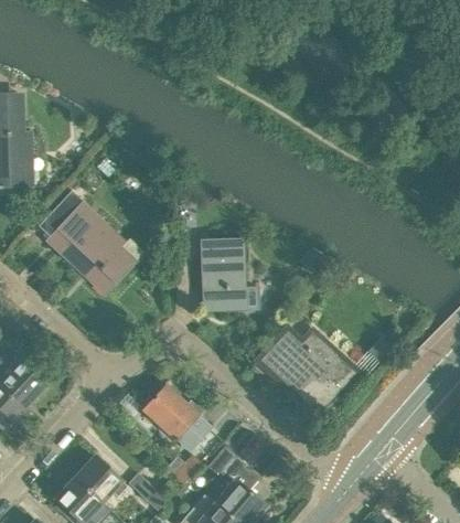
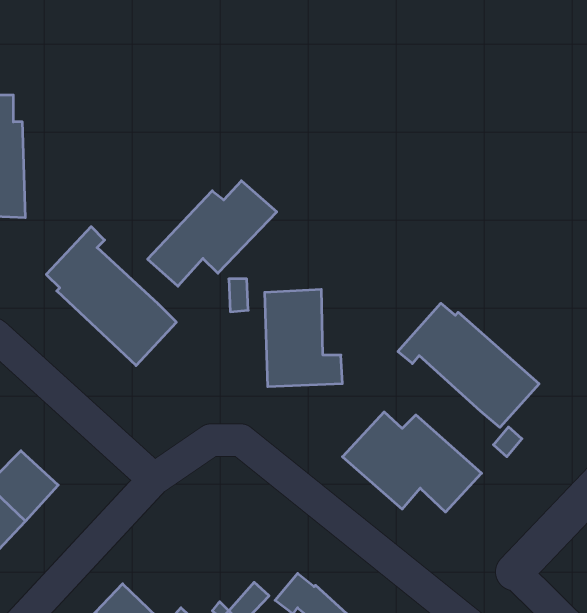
building: none -> [148,181,277,286]
building: none -> [398,303,539,427]
building: [141,383,212,452] -> none

